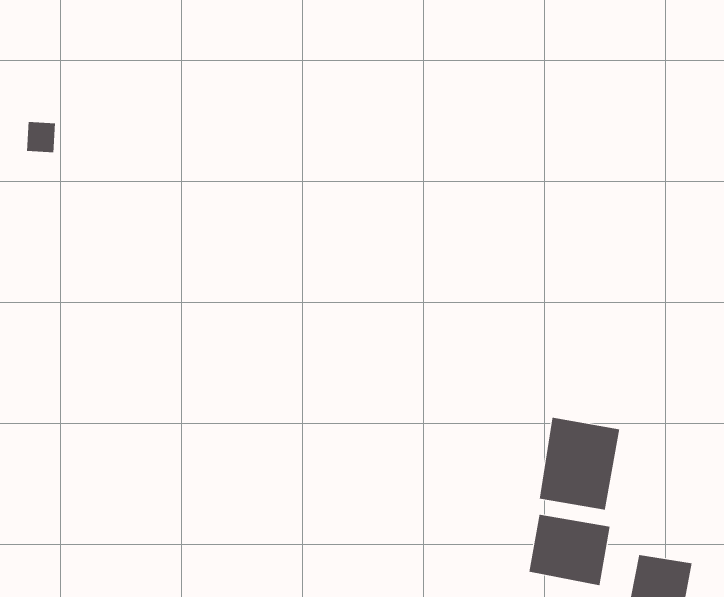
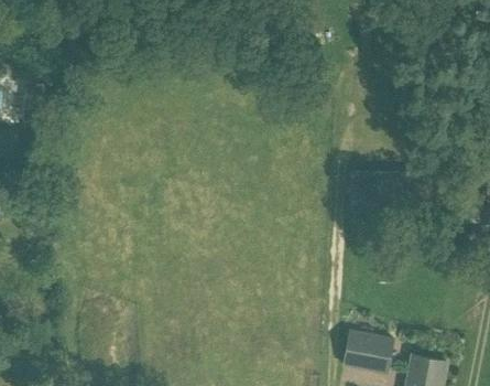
building: [539,417,620,511] -> none

